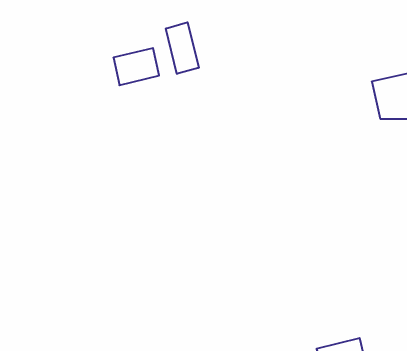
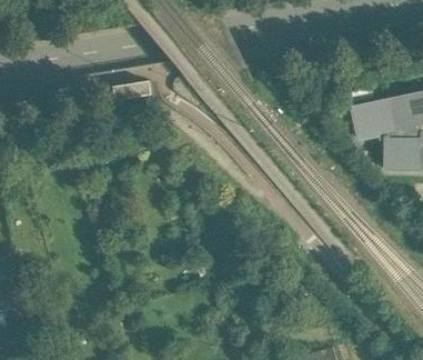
building: [166,22,199,74] -> none

